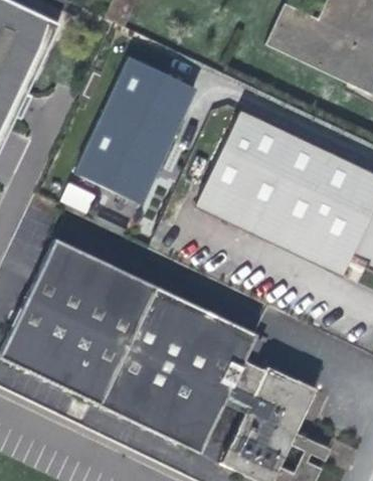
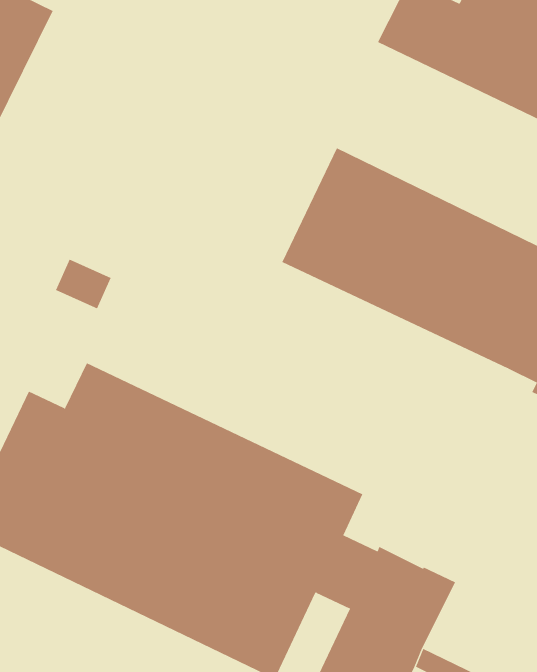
building: [75,55,191,200] -> none
building: [195,184,350,273] -> none
building: [43,237,80,278] -> none

